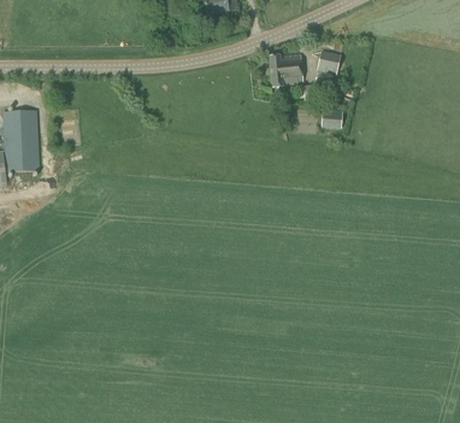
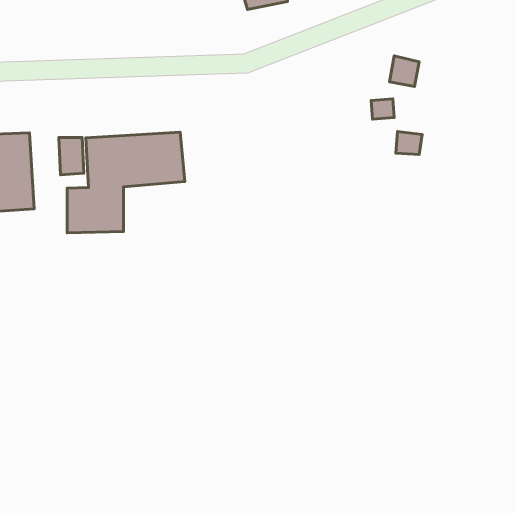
building: [271,54,303,86] -> none
building: none -> [67,132,185,233]

